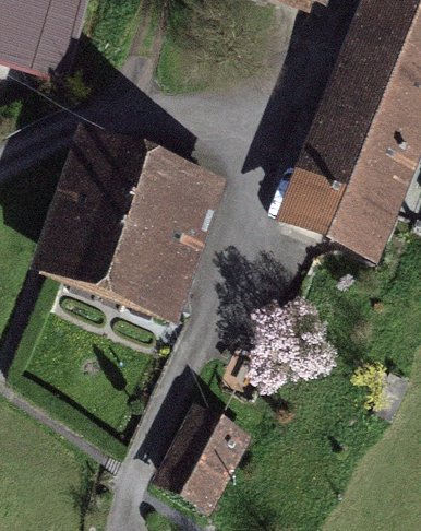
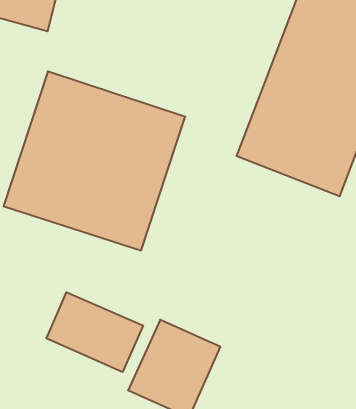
building: none -> [46,292,143,372]

